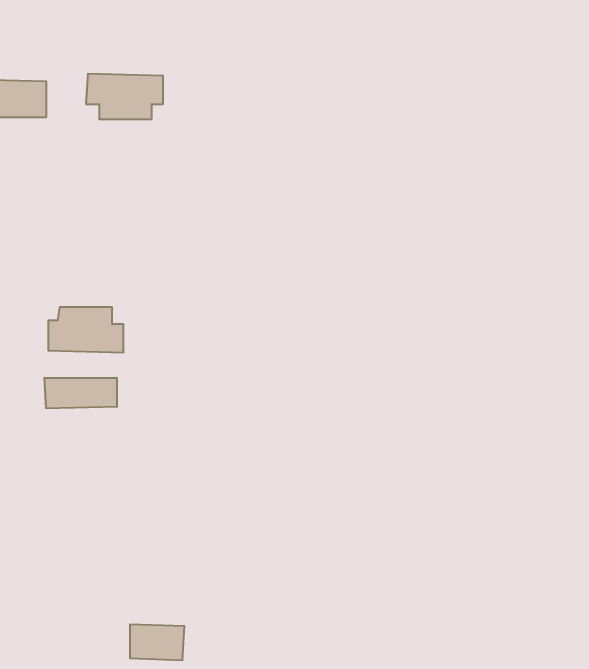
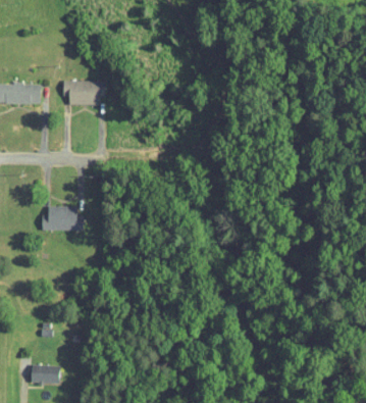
building: [44,378,117,408] -> none
building: [130,624,185,660] -> [30,364,59,384]

